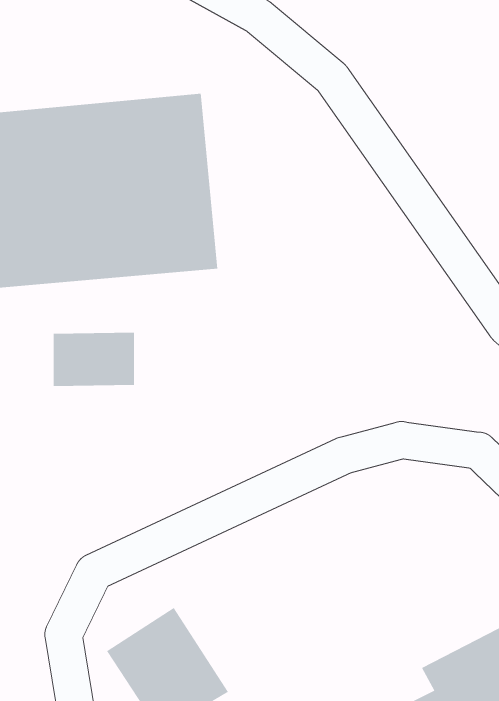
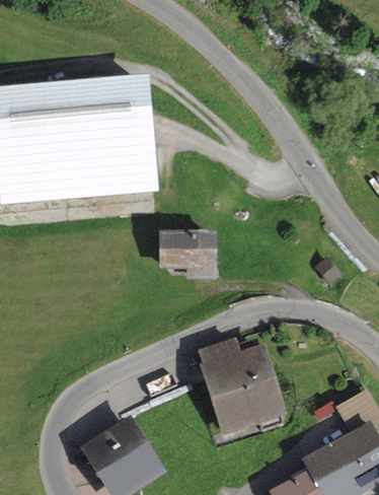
building: [53,332,135,387] -> [159,230,214,267]
building: none -> [191,333,283,437]

